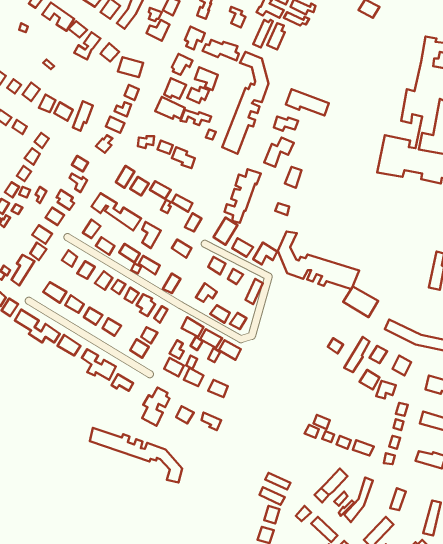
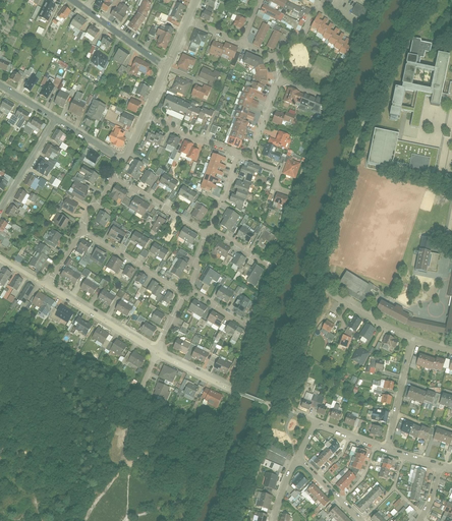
building: none -> [310,12,350,55]
building: none -> [199,153,223,187]
building: [278,231,359,289] -> none
building: [90,428,182,483] -> none

